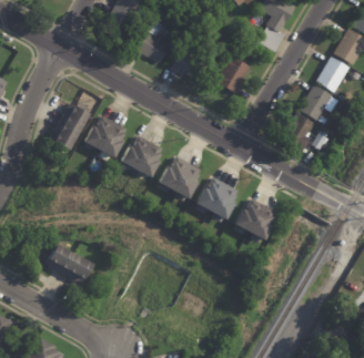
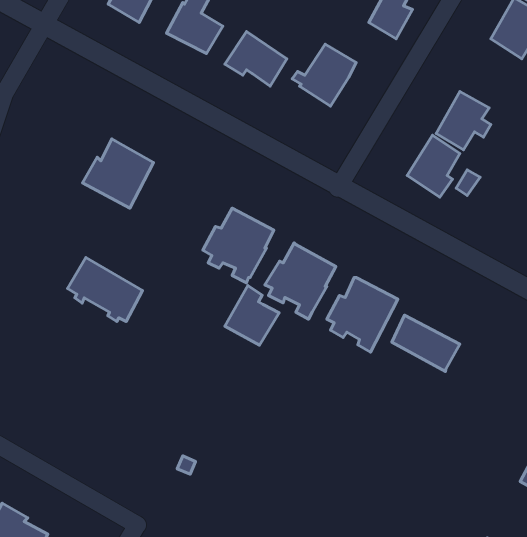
building: [316,58,348,92] -> none
building: [54,105,88,149] -> none
building: [120,135,163,176] -> none
building: none -> [225,286,279,345]
building: none -> [392,315,460,371]
building: [46,244,91,283] -> [68,258,142,321]

